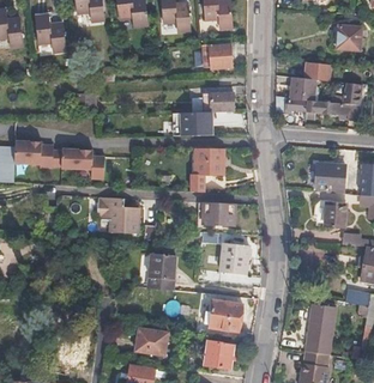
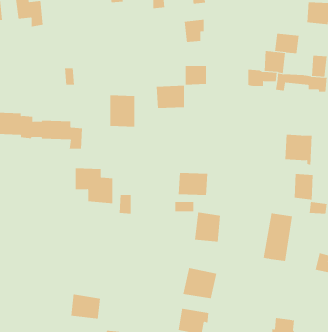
building: [195,147,222,181] -> [110,95,135,127]
building: [149,253,176,290] -> none
building: [298,303,330,353] -> [263,213,293,261]
building: [135,327,167,353] -> [71,294,101,319]

